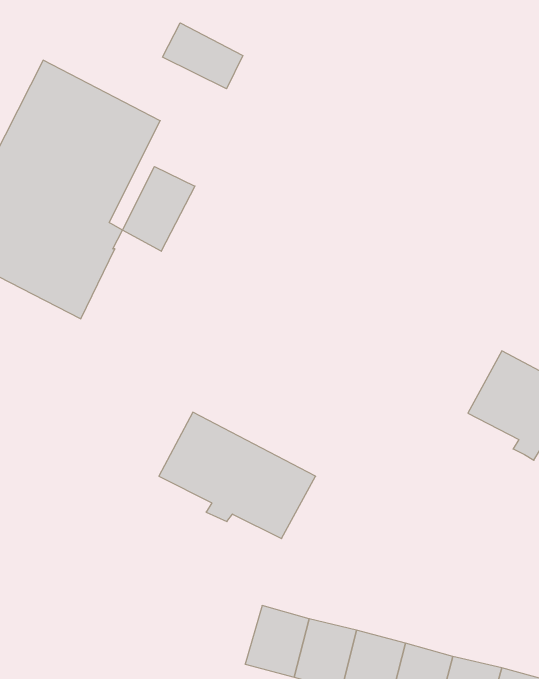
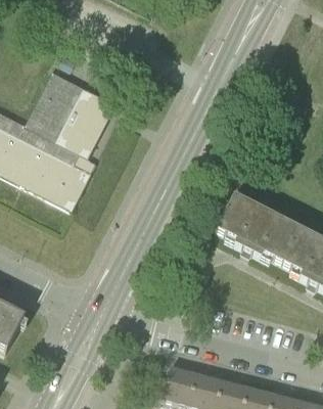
building: [163,23,243,89] -> none
building: [122,167,195,251] -> none
building: [159,412,316,539] -> [216,192,301,261]

